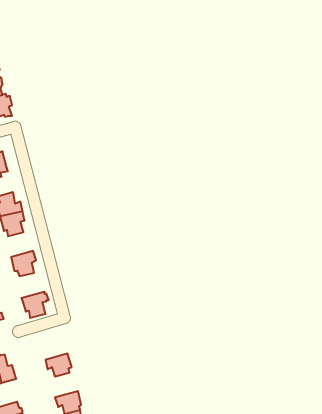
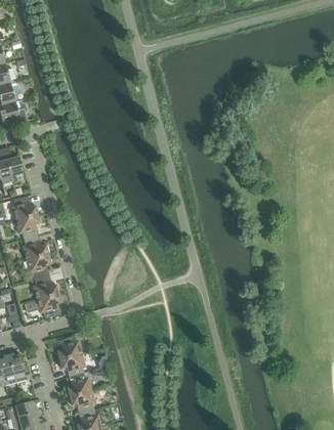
building: none -> [22,234,47,259]
building: none -> [33,274,58,299]
building: none -> [57,336,81,359]
building: none -> [67,372,91,396]

